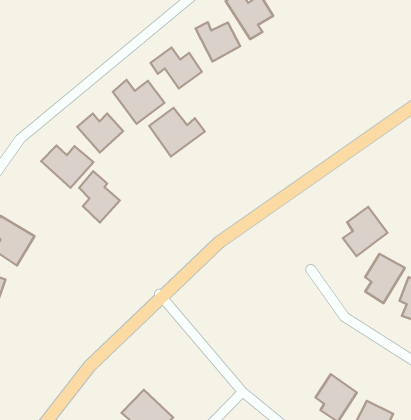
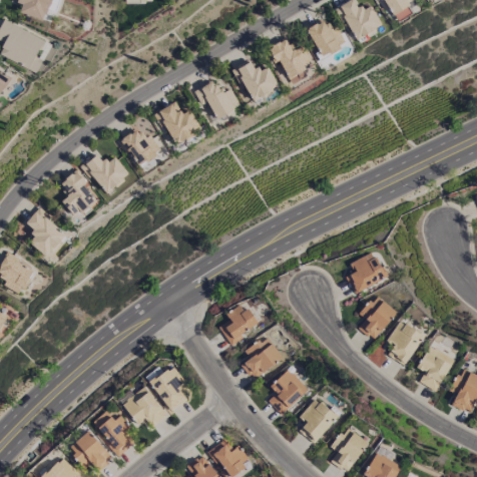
building: [149,108,205,157] -> none
building: [79,171,120,222] -> [61,170,96,217]
building: none -> [219,304,259,344]
building: none -> [243,337,284,380]
building: none -> [269,369,309,415]
building: none -> [149,364,187,412]

